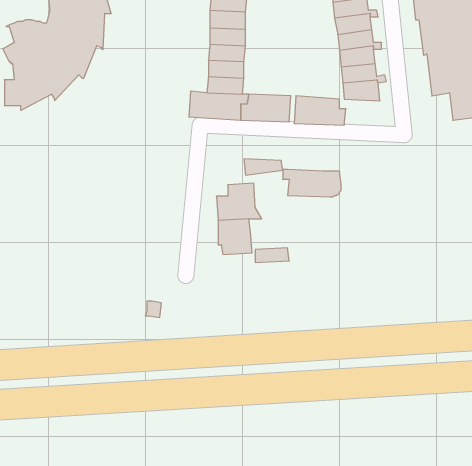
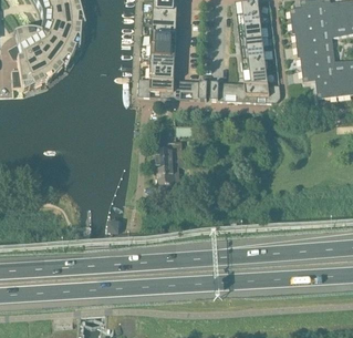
building: [283,169,341,197] -> [240,81,280,100]

